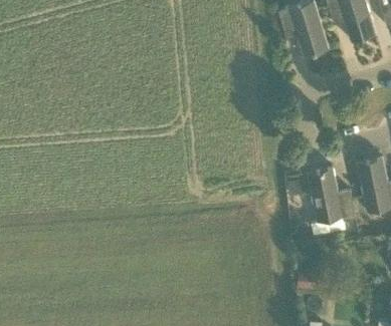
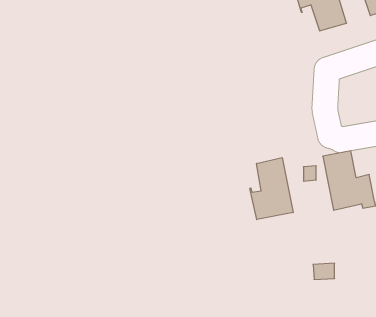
building: none -> [250,158,293,220]

